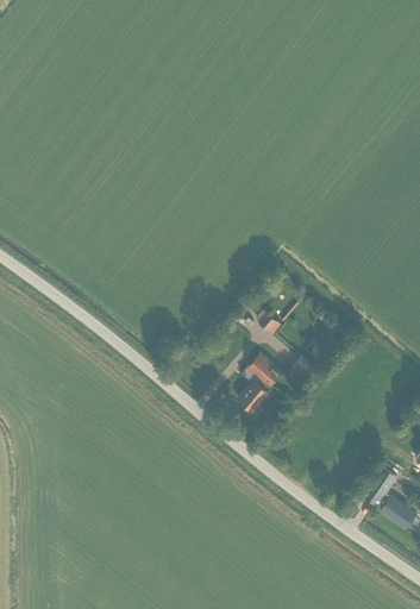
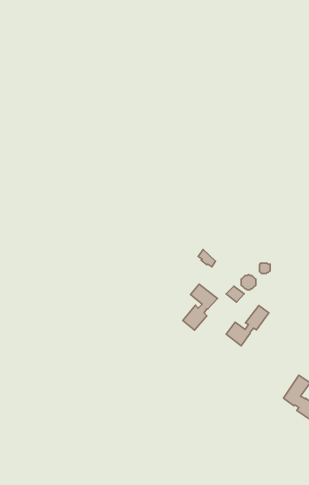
building: none -> [226,306,269,346]

